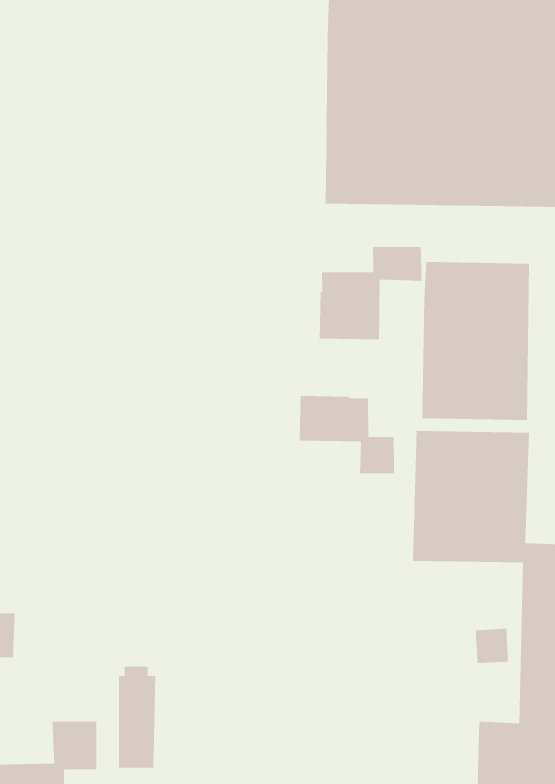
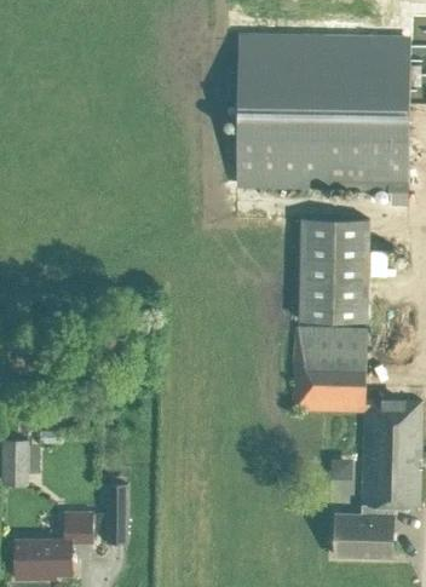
building: [319,246,422,340] -> none
building: [299,395,395,474] -> none

